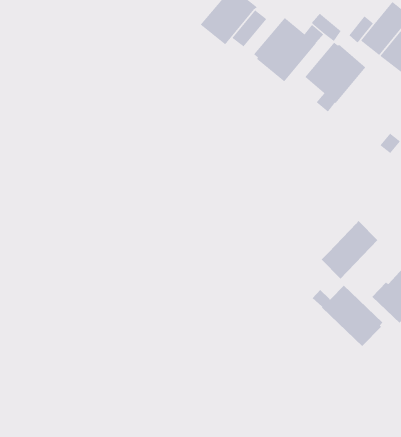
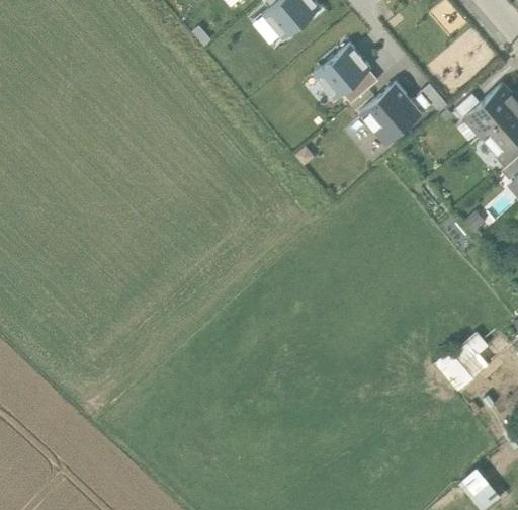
building: [304,42,366,112] -> none
building: [321,220,378,280] -> none
building: [312,285,383,347] -> none

